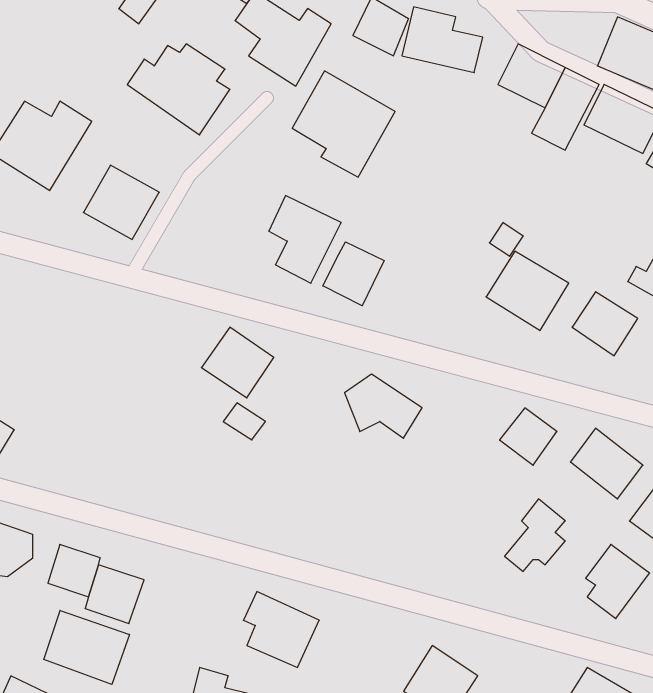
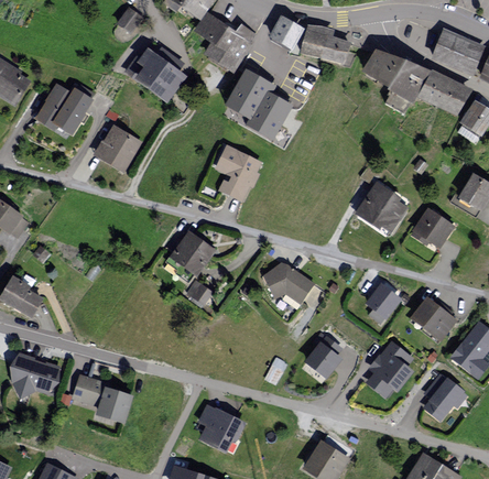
building: [323,242,384,306] -> none
building: none -> [307,345,337,374]
building: [44,610,129,684] -> none

